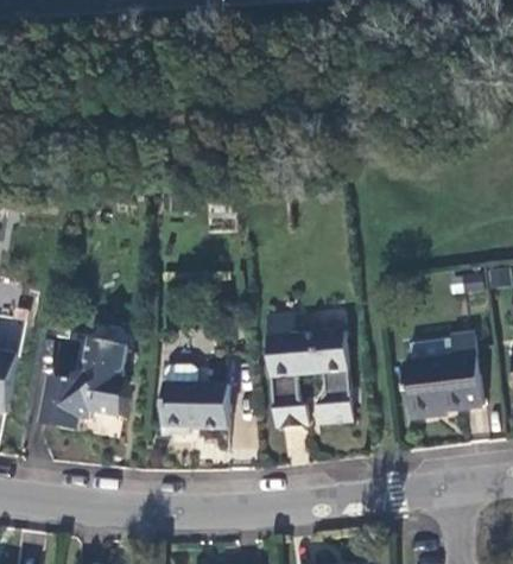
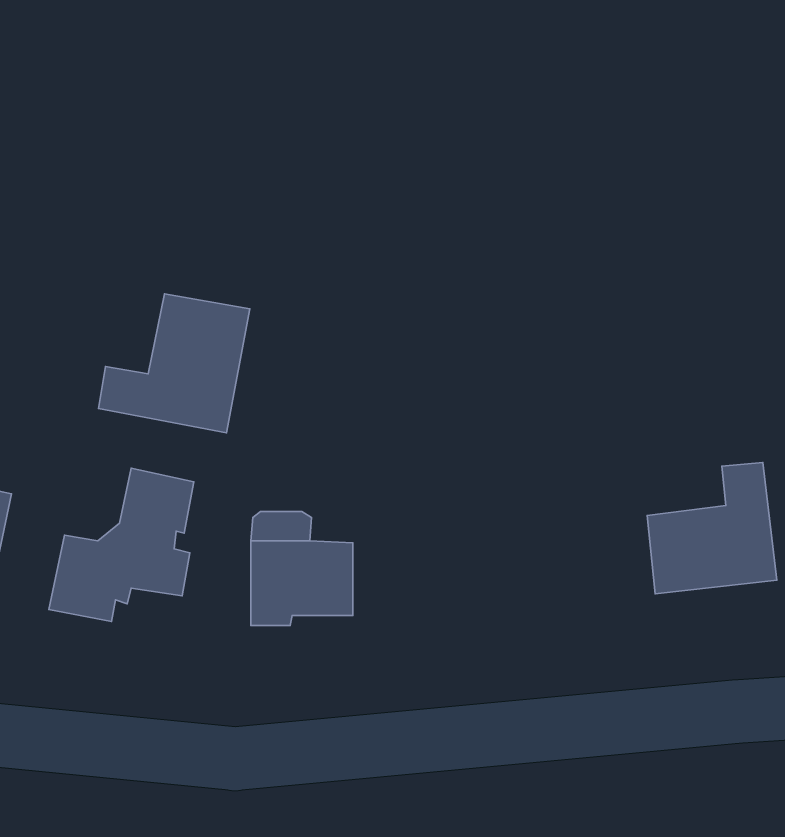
building: none -> [99,294,250,433]
building: [267,312,352,424] -> none

